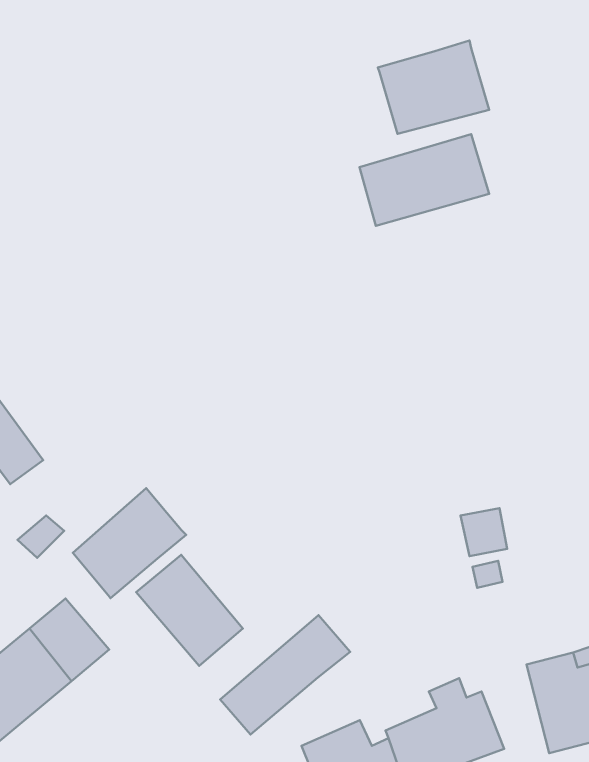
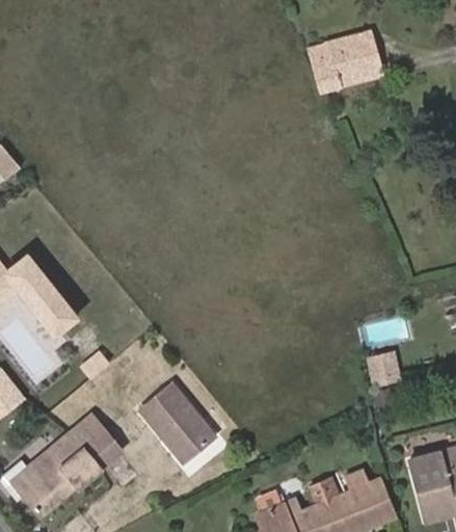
building: [360,134,489,226] -> none
building: [73,488,186,598] -> none
building: [220,615,350,734] -> none

